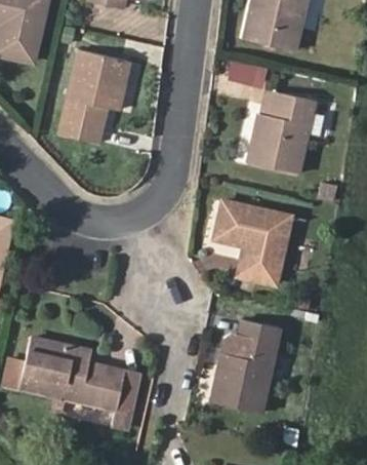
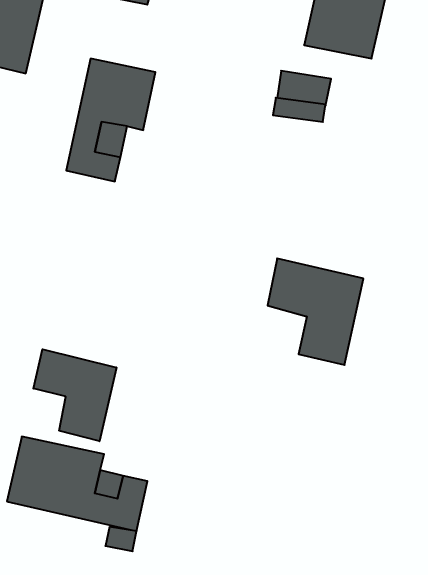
building: [249,91,316,173] -> none
building: none -> [33,349,116,441]
building: [212,317,281,413] -> none

